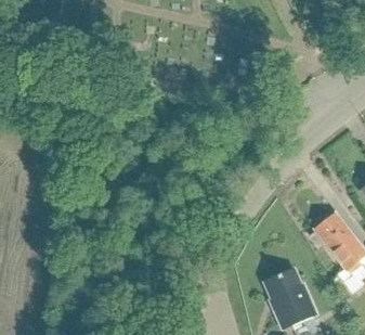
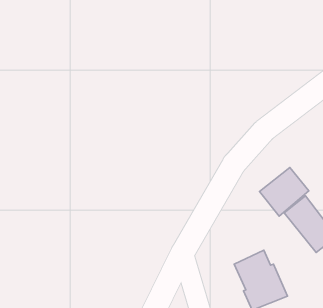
building: none -> [259,168,309,216]

